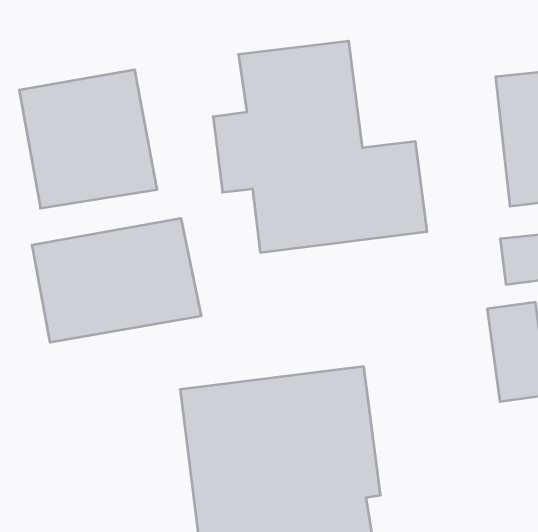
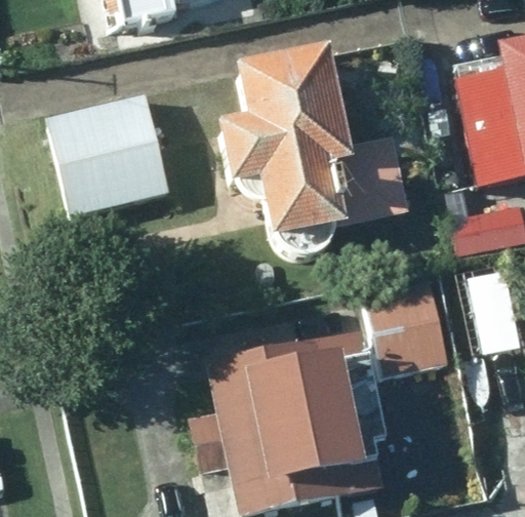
building: [32,218,201,342] -> none
building: none -> [365,278,451,375]

